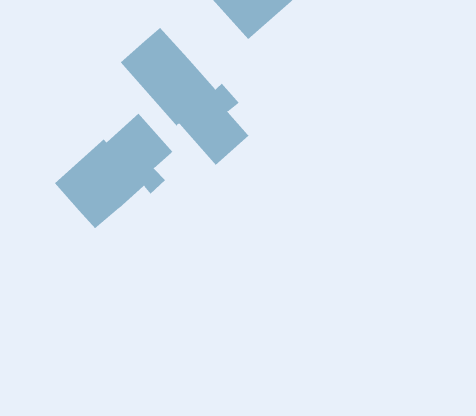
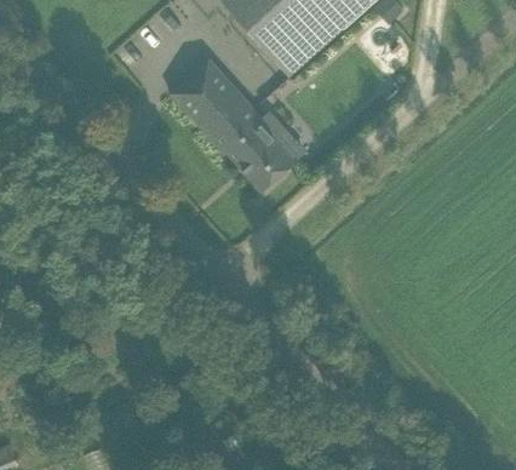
building: [54,113,173,229] -> none

